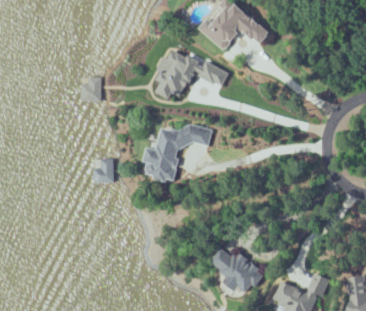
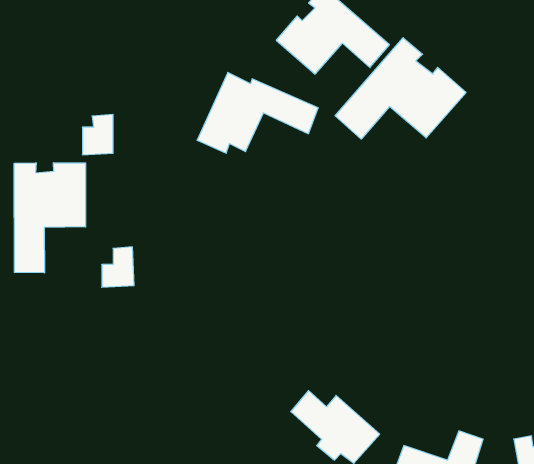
building: none -> [335,38,466,139]
building: none -> [14,163,86,273]
building: [145,122,210,181] -> none

